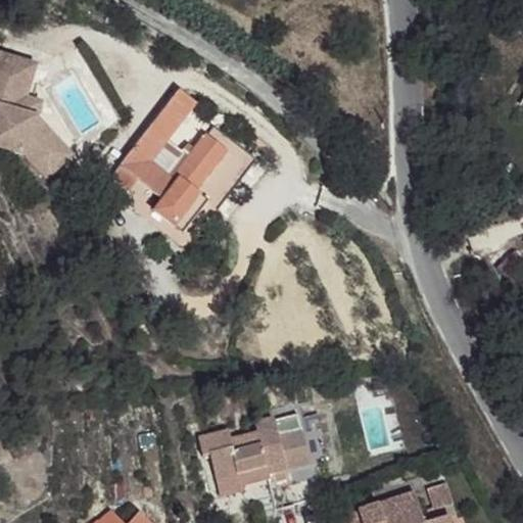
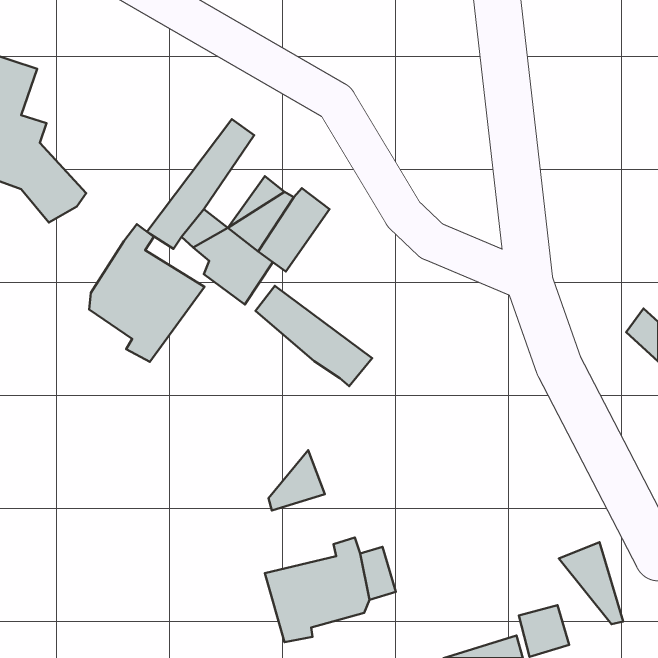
building: none -> [89,224,205,362]
building: none -> [255,286,372,386]
building: none -> [269,450,325,511]
building: none -> [559,542,623,624]

